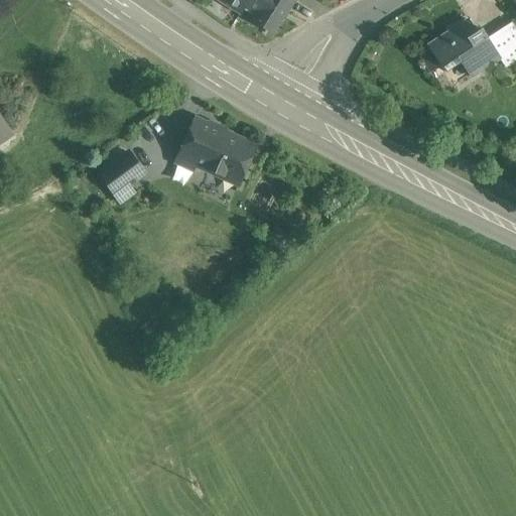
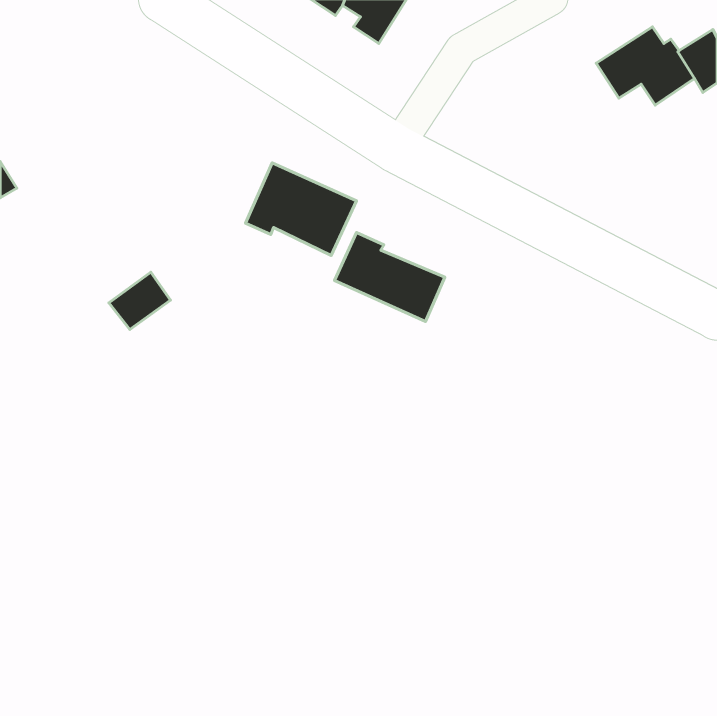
building: [100,151,144,192] -> [109,272,170,330]
building: none -> [334,232,445,322]

